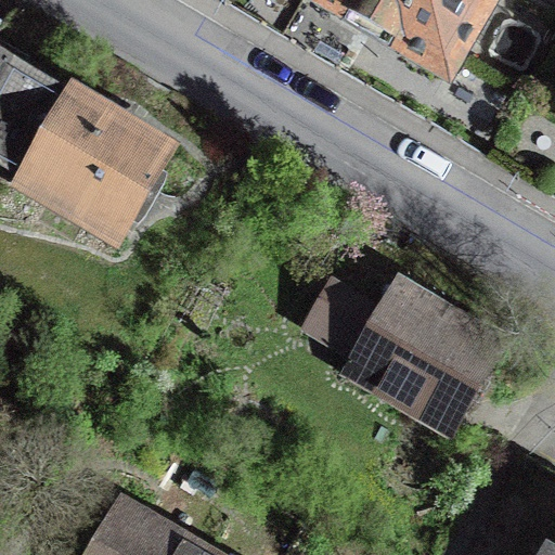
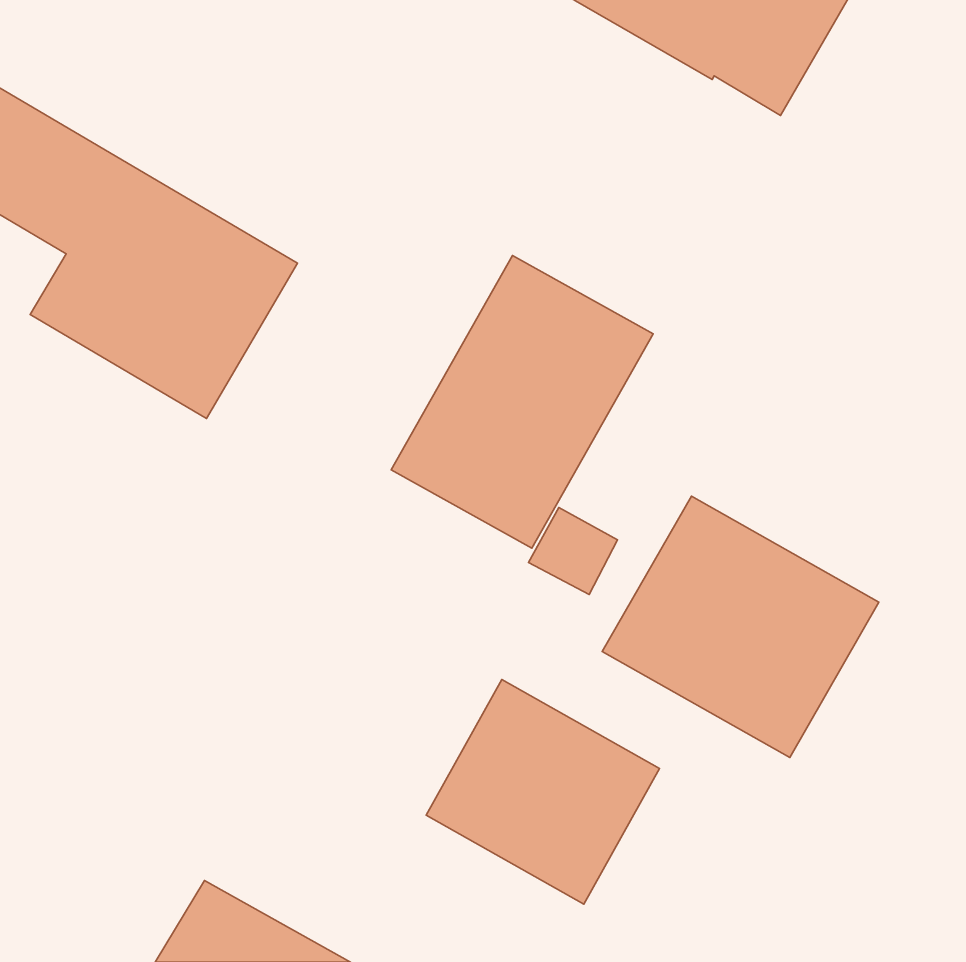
building: none -> [391,256,653,548]
building: none -> [426,680,659,904]

